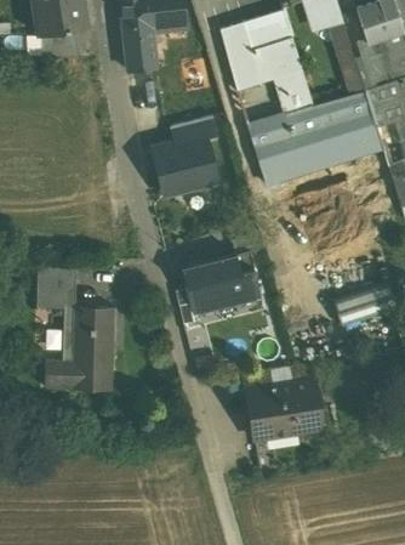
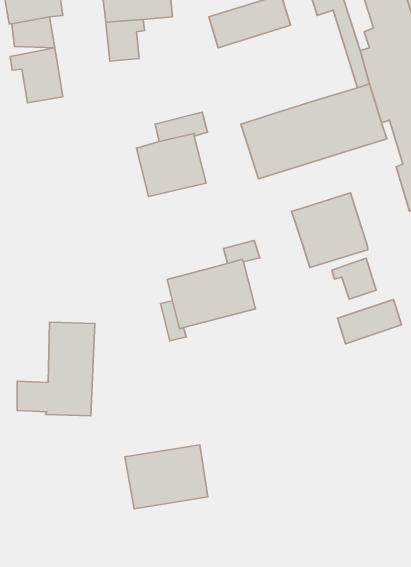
building: [227,38,313,115] -> none
building: none -> [10,48,63,103]
building: none -> [292,193,368,267]
building: none -> [332,258,376,299]
building: [36,267,65,310] -> none
building: [246,380,321,438] -> [125,445,208,509]

